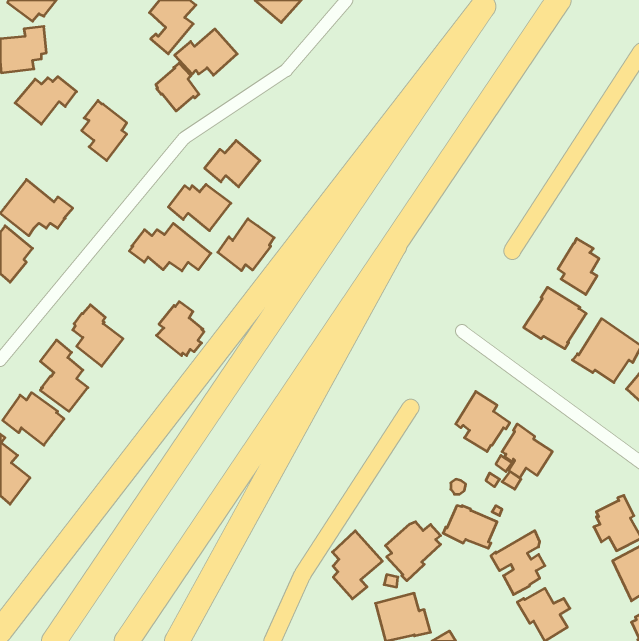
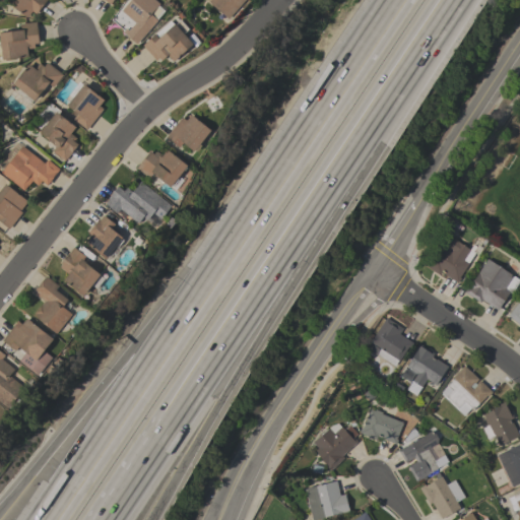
building: [156,63,199,111] -> none
building: none -> [41,111,79,160]
building: [218,219,274,271] -> none
building: [558,238,599,295] -> none
building: [156,302,204,356] -> [86,215,125,259]
building: none -> [442,365,493,414]
building: [332,531,382,599] -> none

